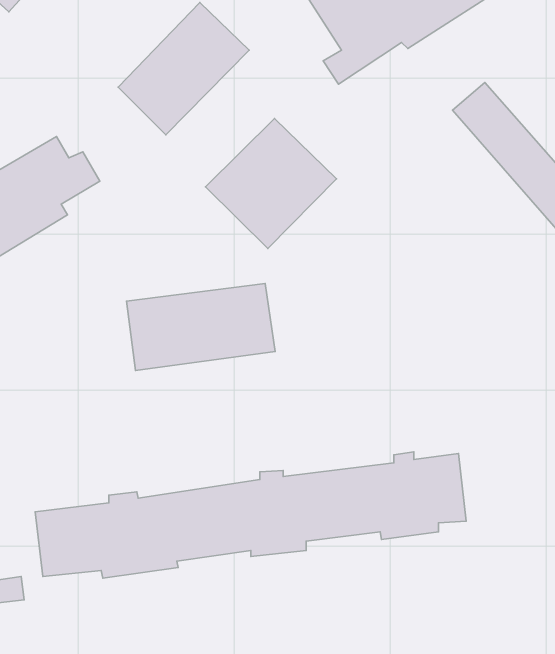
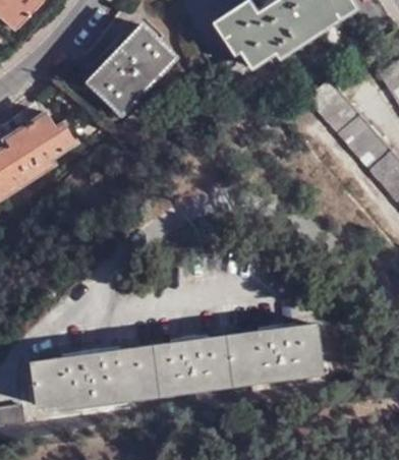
building: [206,119,336,248] -> none
building: [127,283,275,370] -> none

